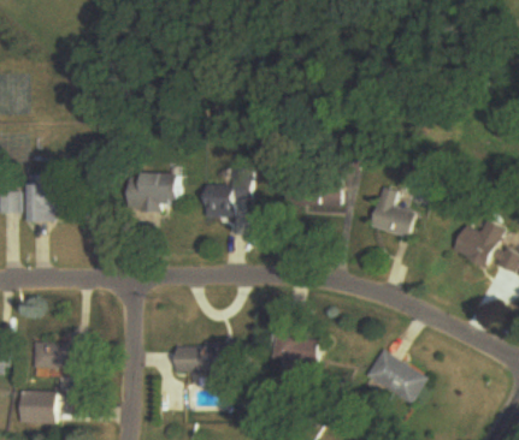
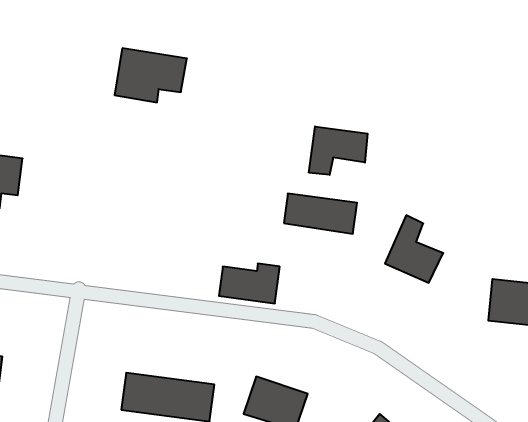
building: none -> [309,126,368,175]
building: [125,173,179,213] -> [115,48,187,102]
building: [201,178,247,208] -> [219,264,280,303]

